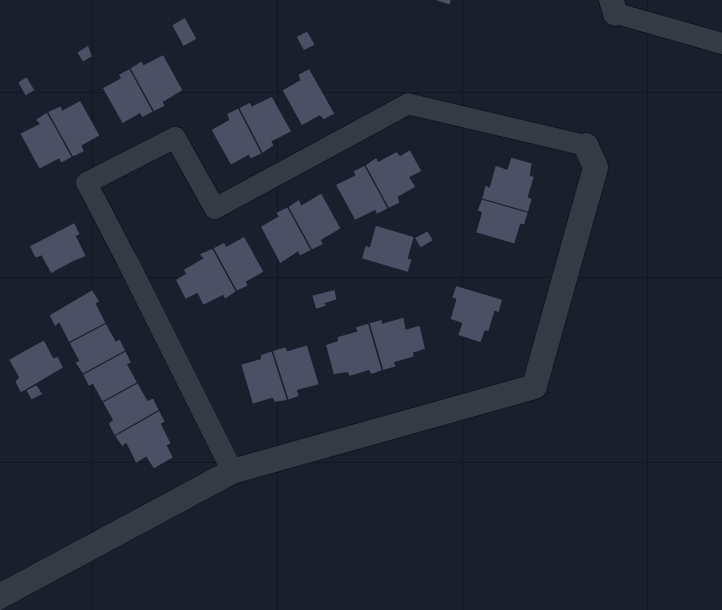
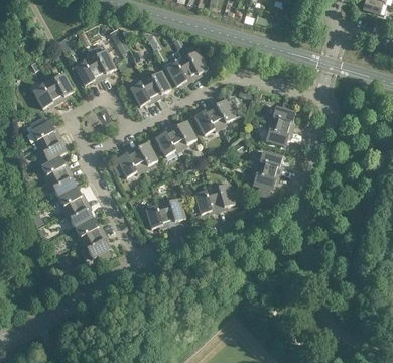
building: none -> [180,50,213,80]
building: none -> [30,116,60,147]
building: [361,225,415,272] -> [255,150,282,174]
building: [8,340,64,393] -> [41,155,70,183]

